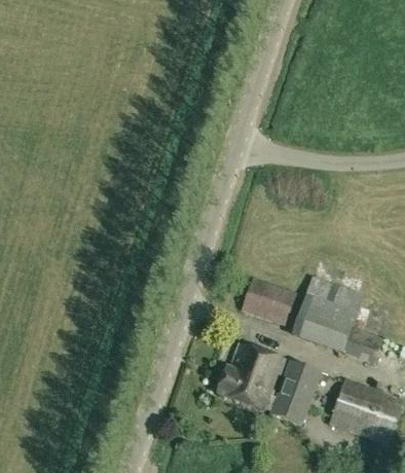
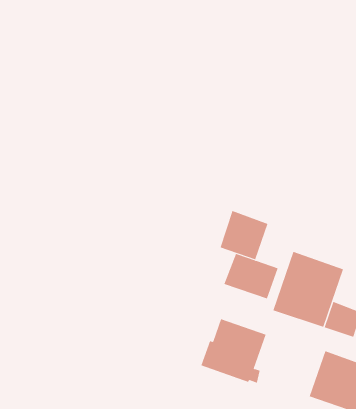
building: none -> [220,210,268,260]
building: [274,362,320,423] -> none

